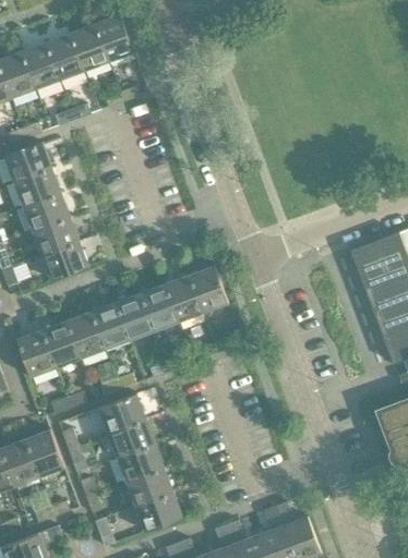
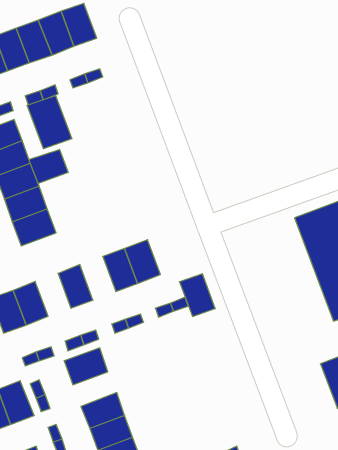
building: none -> [27,95,72,149]
building: none -> [29,149,68,183]
building: [189,266,228,313] -> [179,274,215,316]
building: [115,293,154,341] -> none
building: [65,312,105,359] -> none
building: [107,420,155,458] -> none

